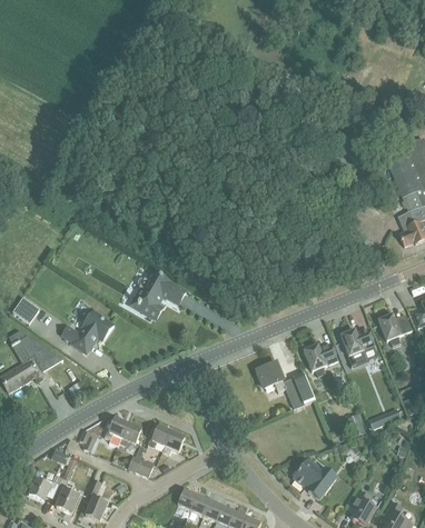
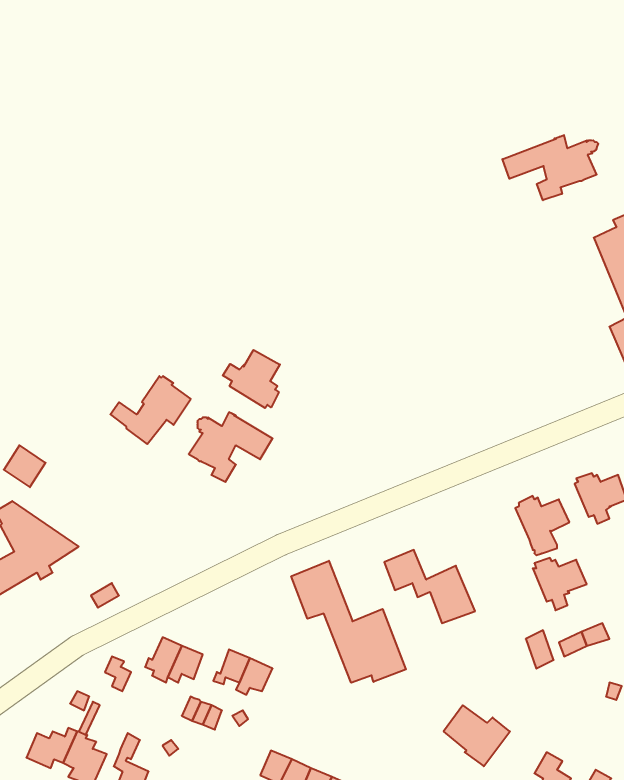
building: none -> [502,135,598,200]
building: none -> [223,350,280,408]
building: [61,309,112,352] -> [110,376,191,444]
building: [303,342,337,376] -> [533,558,587,610]
building: none -> [291,561,406,683]

